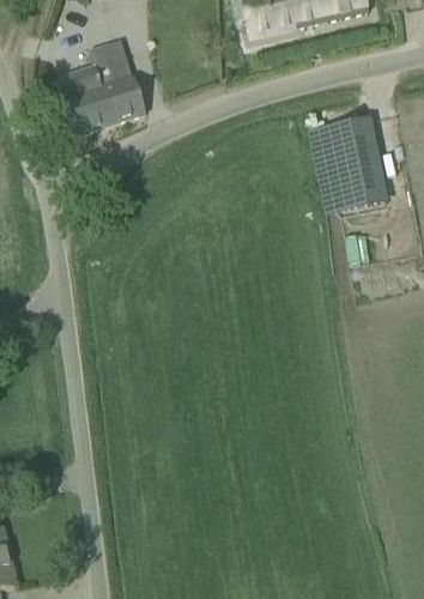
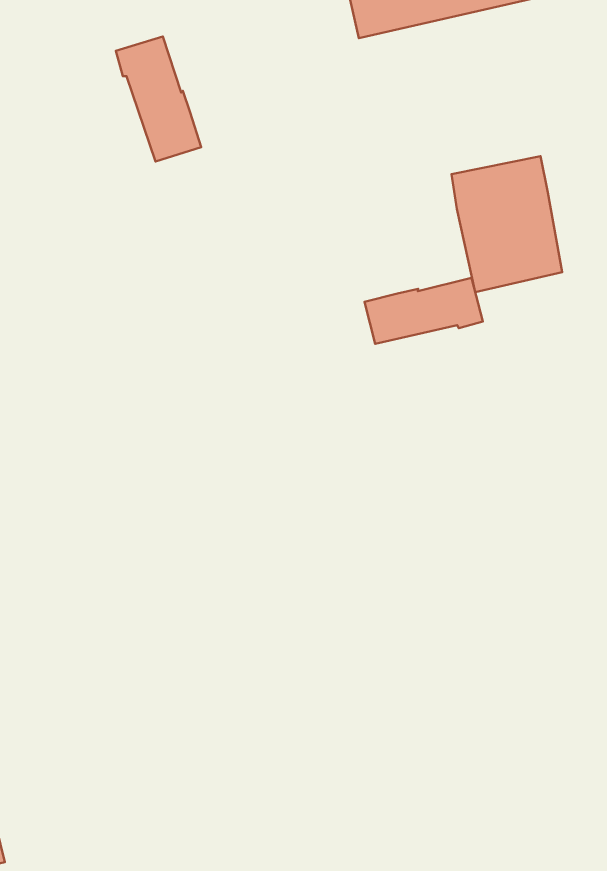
building: [56,63,116,134] -> none
building: none -> [365,278,483,344]

